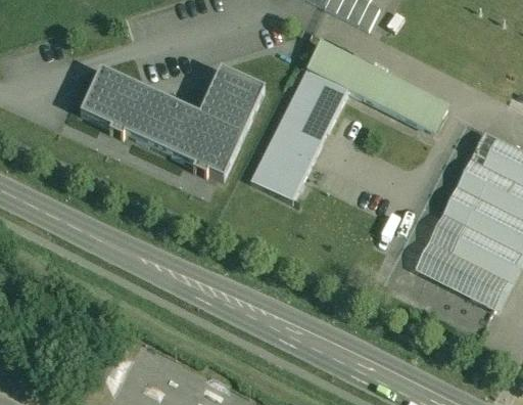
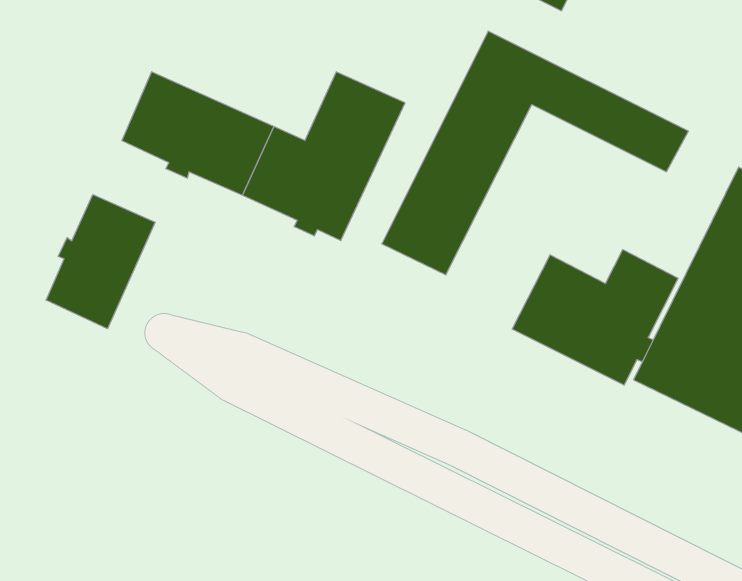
building: none -> [46,195,155,329]
building: none -> [512,250,678,385]

